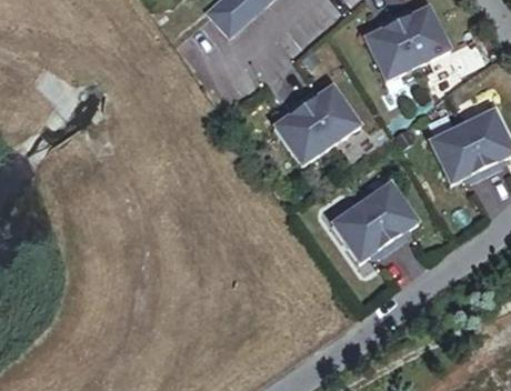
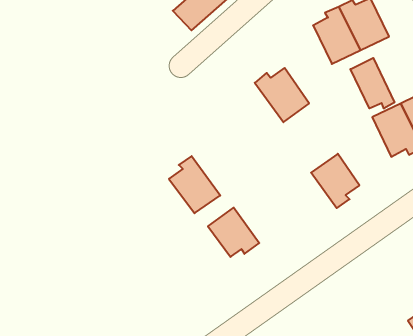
building: none -> [350,58,394,109]
building: [273,99,331,163] -> [169,156,220,213]
building: [333,200,391,255] -> [208,208,259,257]

